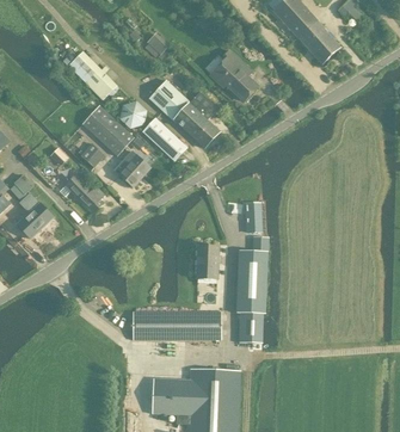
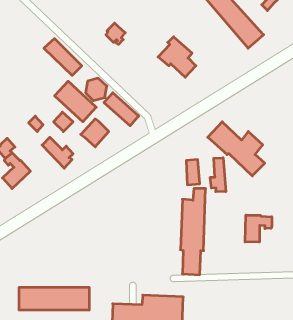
building: [148,80,219,147] -> [208,122,265,176]
building: none -> [210,158,226,192]
building: [196,246,219,279] -> none
building: none -> [245,215,272,242]
building: [133,313,220,340] -> [19,288,89,310]

